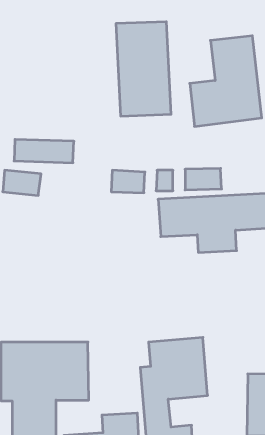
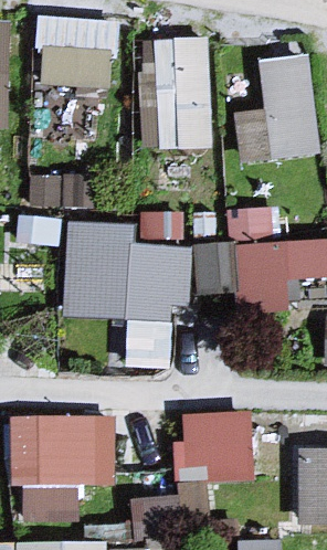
building: none -> [32,15,117,91]
building: none -> [60,220,189,362]

